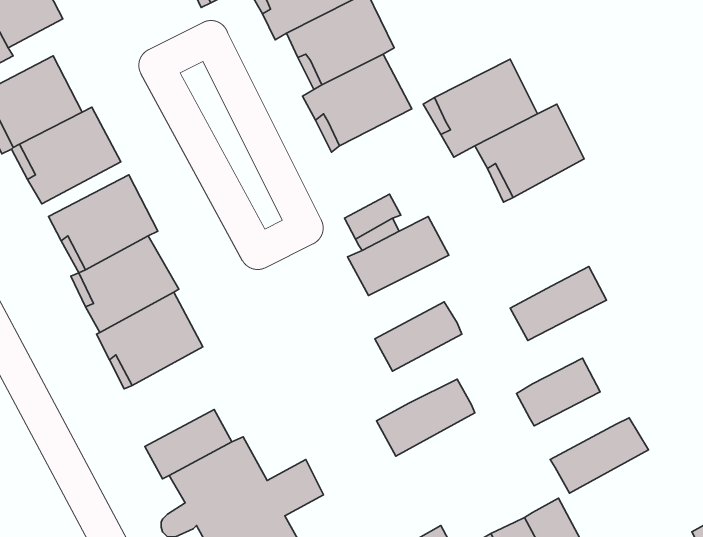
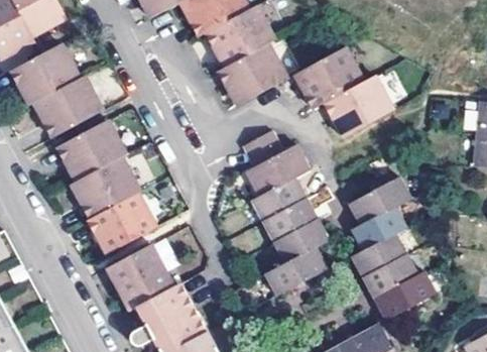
building: none -> [251,177,307,222]
building: none -> [350,206,403,250]
building: none -> [274,219,329,262]
building: none -> [108,245,162,289]
building: none -> [363,255,414,298]

